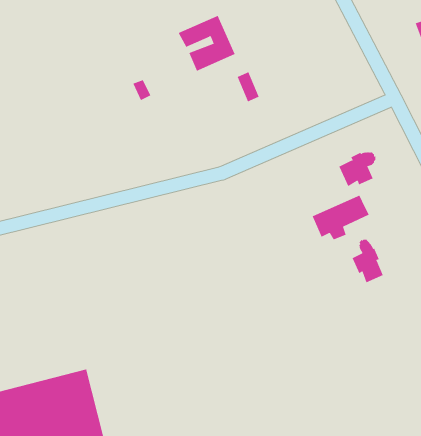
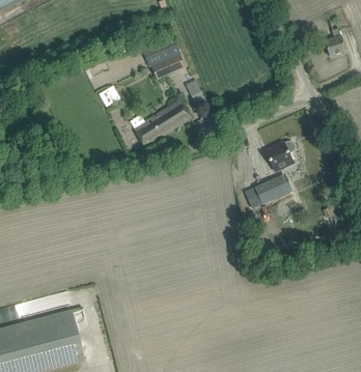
building: none -> [130,98,191,146]
building: [352,239,383,283] -> none

